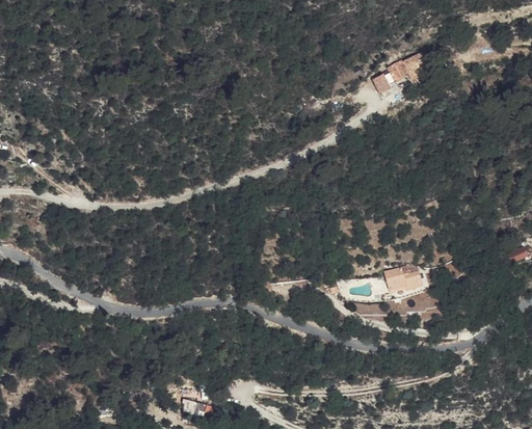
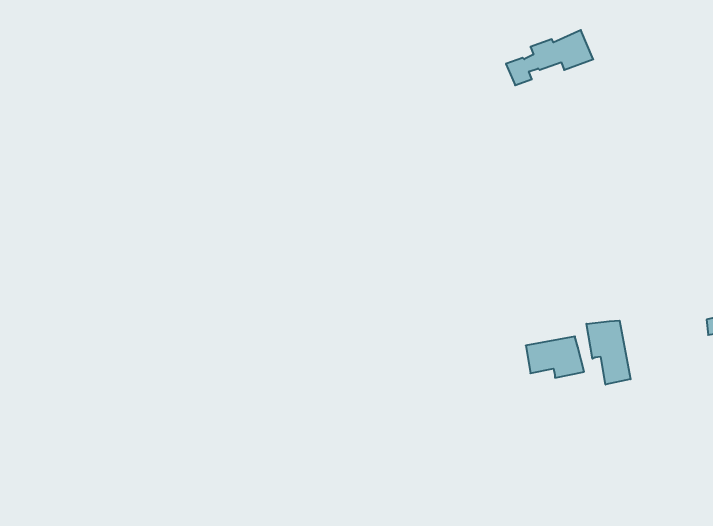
building: none -> [586,321,631,385]

